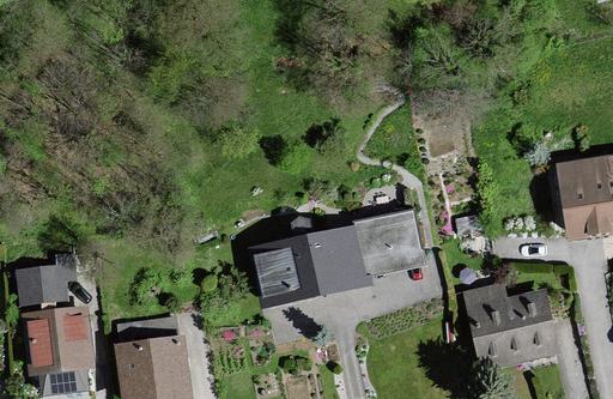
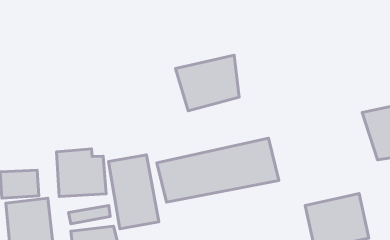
building: none -> [175,55,239,111]
building: none -> [57,149,106,197]
building: none -> [108,155,159,229]

